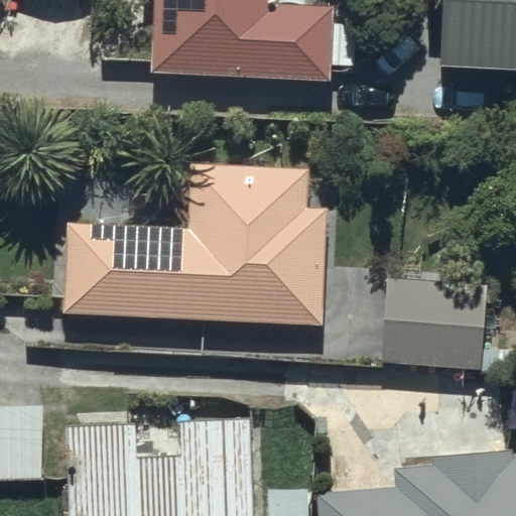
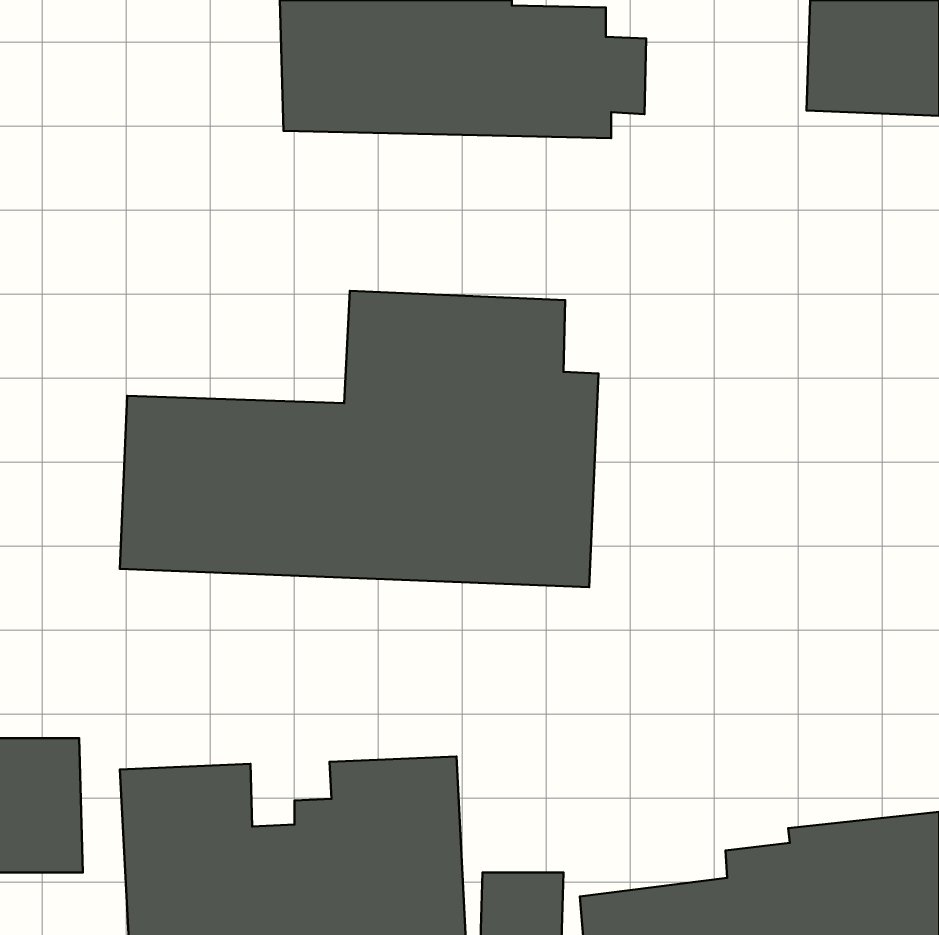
building: [382,279,486,369] -> none

